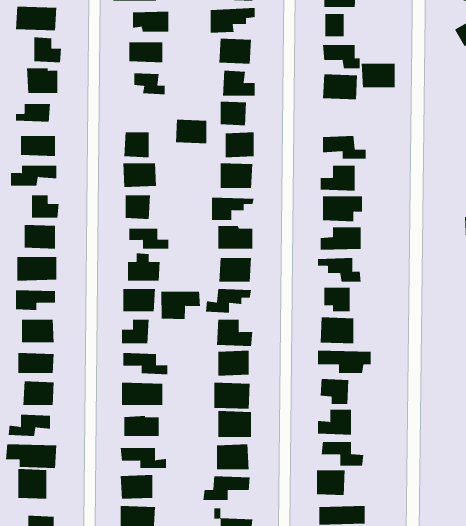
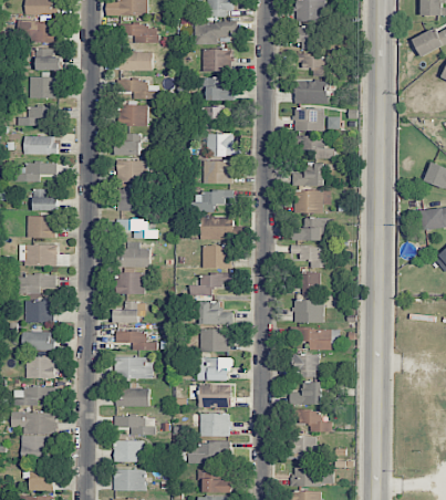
building: [361,63,395,88] -> [292,108,323,131]
building: [175,119,207,144] -> [118,104,147,126]
building: [161,291,200,320] -> none

